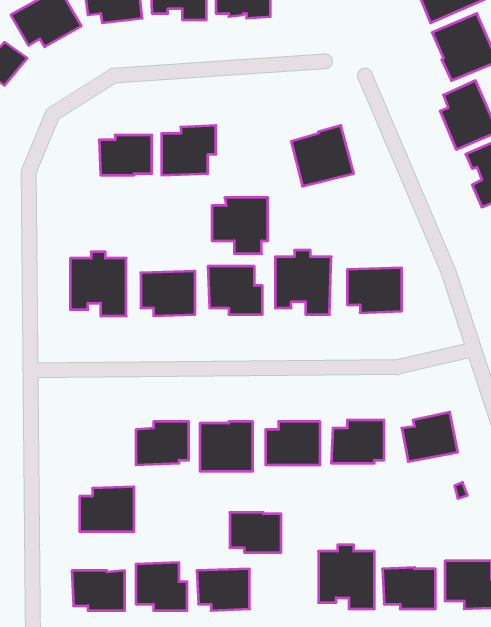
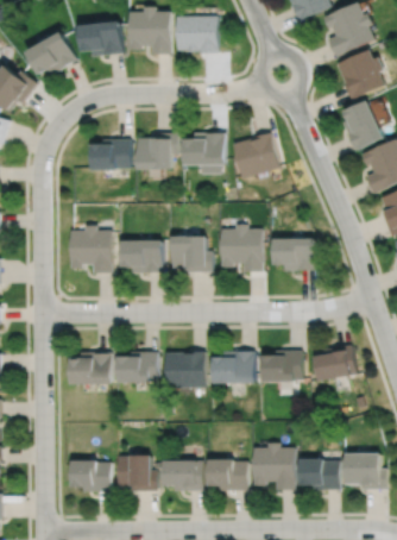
building: [212,198,268,254] -> [182,132,223,174]
building: [80,487,134,532] -> [69,352,109,385]
building: [230,512,281,552] -> [208,461,246,491]

